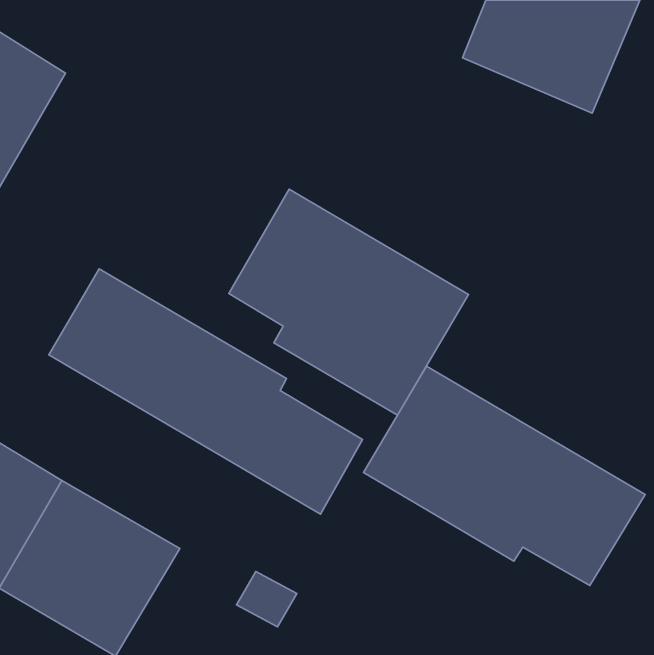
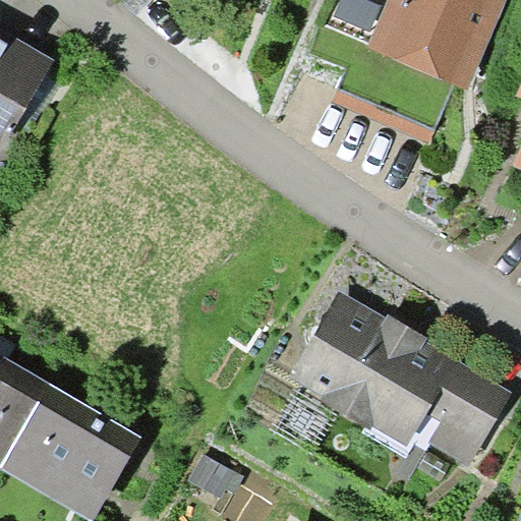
building: [229,189,468,415] -> none
building: [49,269,363,514] -> none

